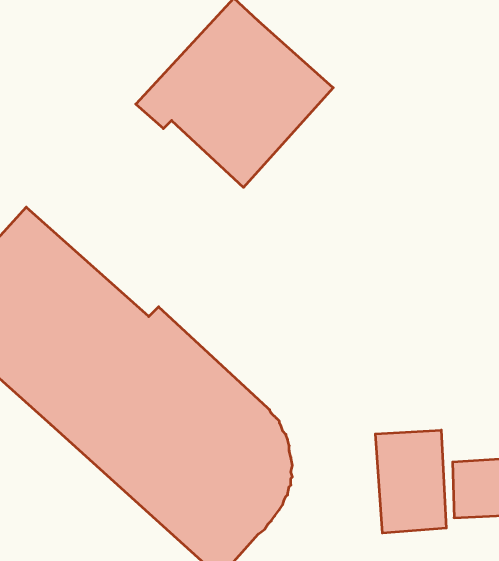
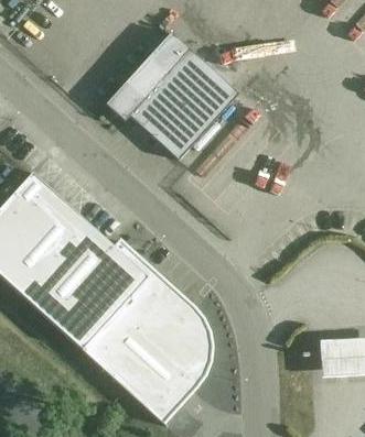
building: [375,430,446,533] -> none

